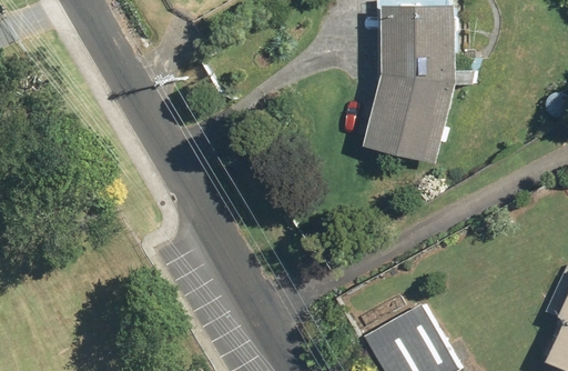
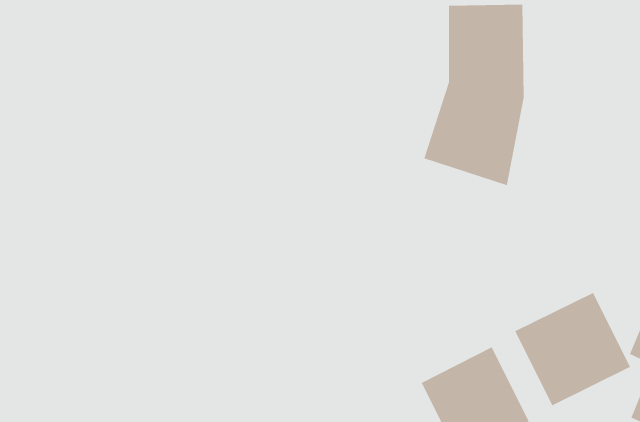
building: none -> [515,292,631,406]

